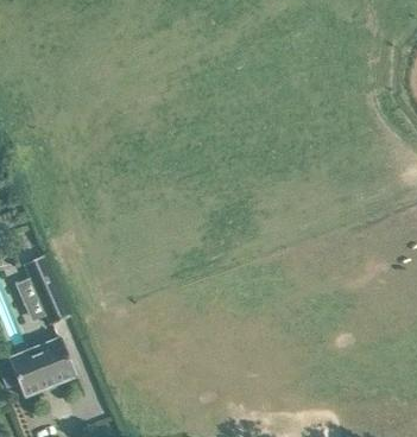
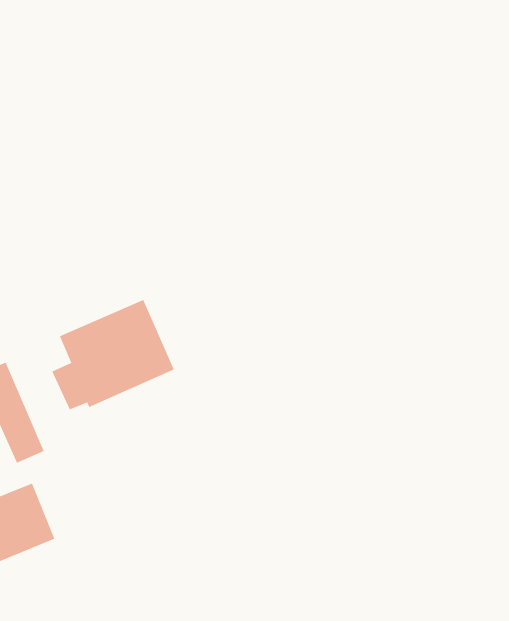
building: none -> [52,299,174,410]

